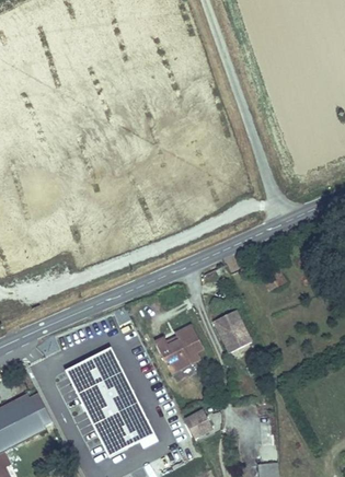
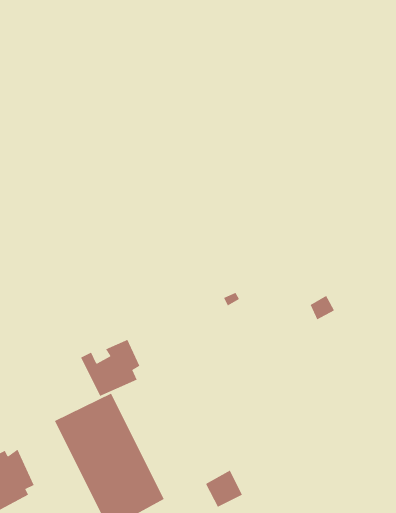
building: [209,309,246,351] -> none
building: [151,327,198,372] -> [80,339,140,397]

